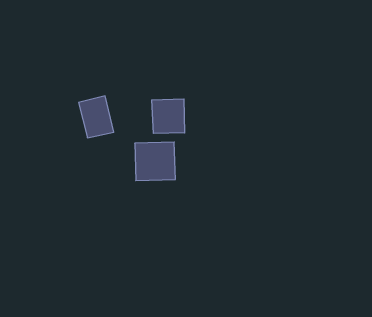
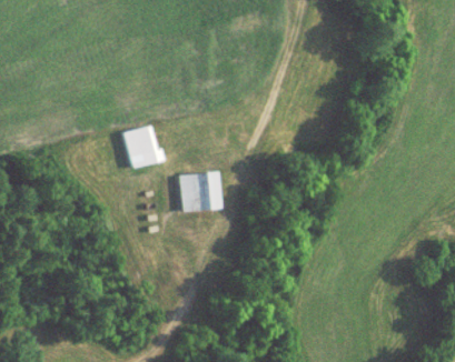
building: [152,99,185,133] -> none

